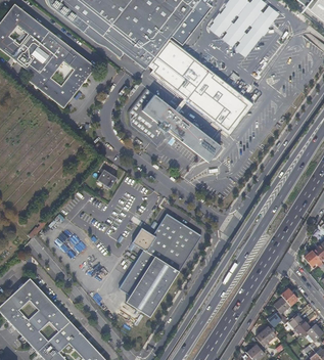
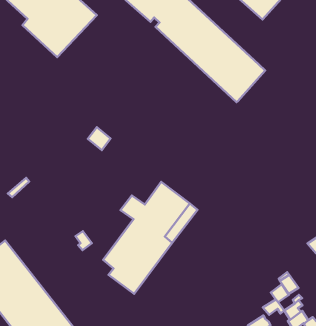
building: [127,87,220,162] -> none

